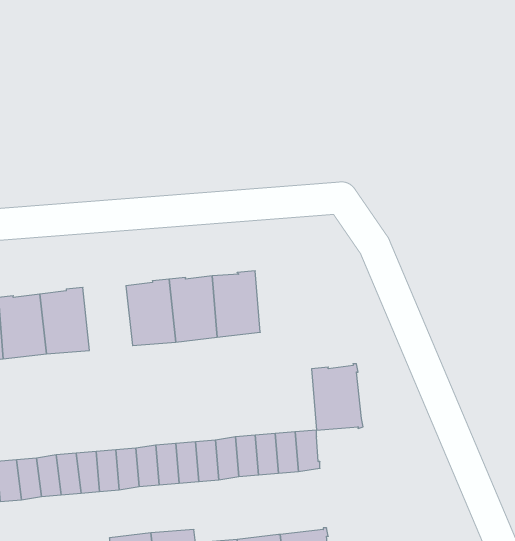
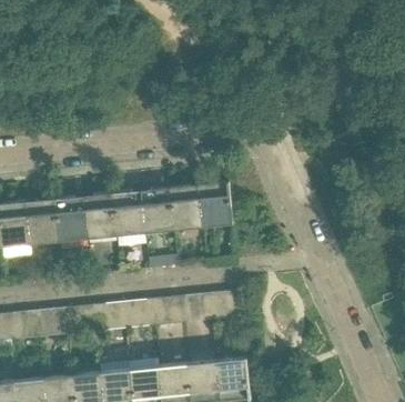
building: none -> [81,195,114,239]
building: [312,364,363,430] -> [196,182,231,227]

